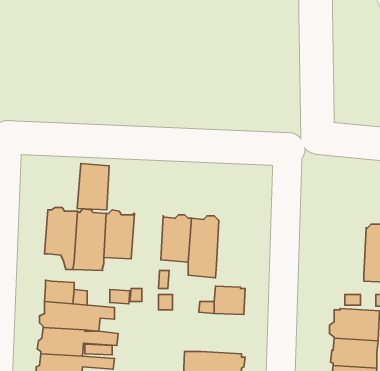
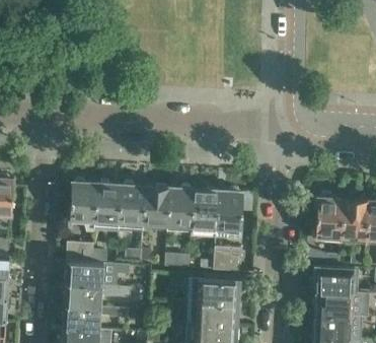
building: [77,163,109,210] -> [143,186,170,225]
building: none -> [215,190,244,242]
building: none -> [315,194,344,244]
building: none -> [189,276,241,305]

